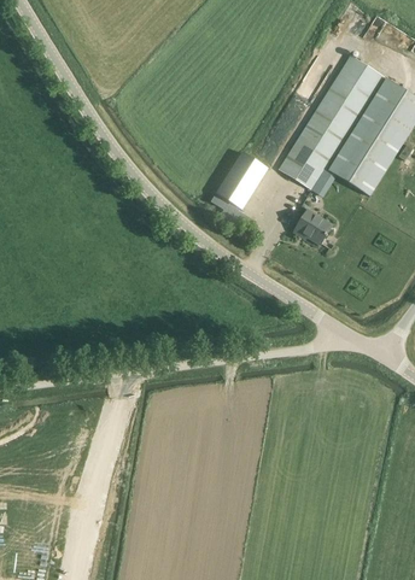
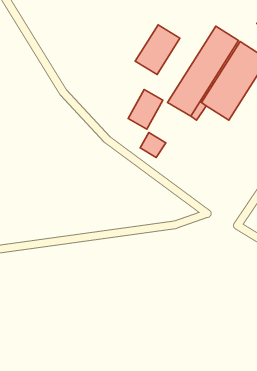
building: none -> [135,25,180,75]
building: [293,207,332,245] -> [140,133,166,157]

